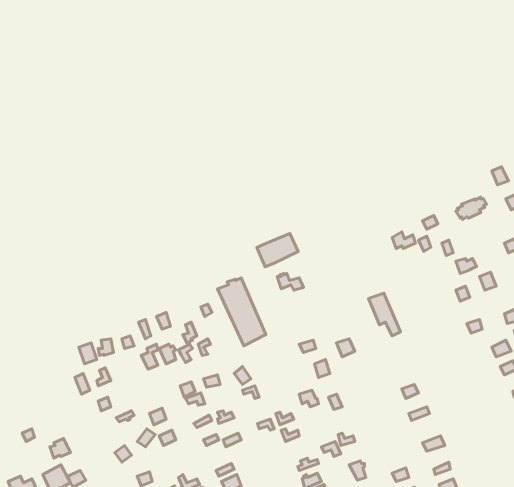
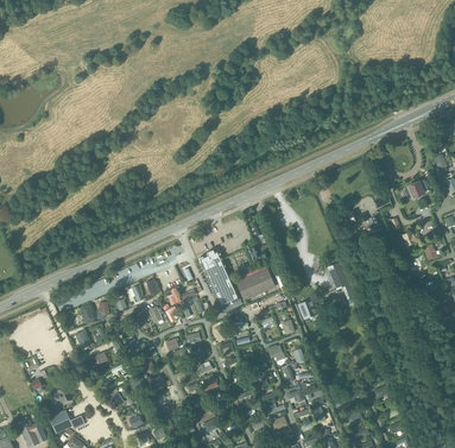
building: [257,234,298,267] -> [236,271,272,299]

